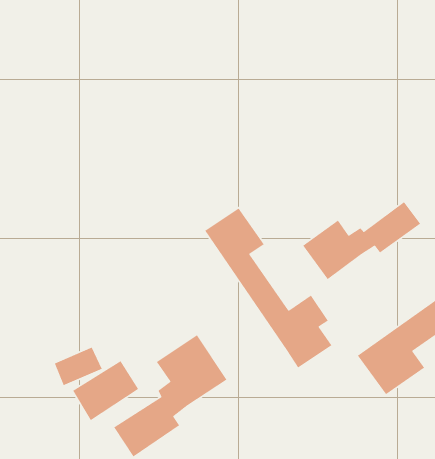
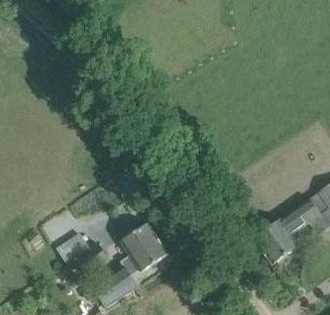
building: [302,201,421,280] -> none
building: [204,207,333,368] -> none

